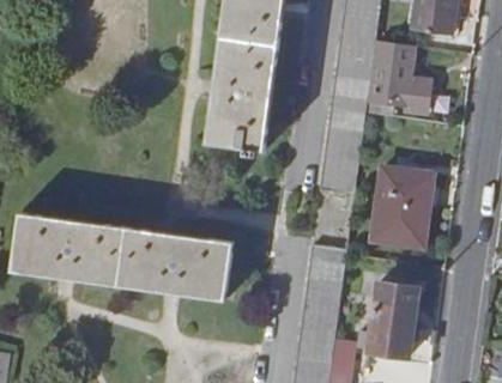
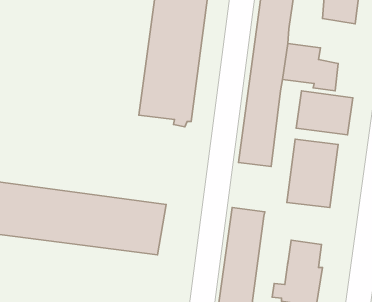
building: none -> [296,91,353,135]

